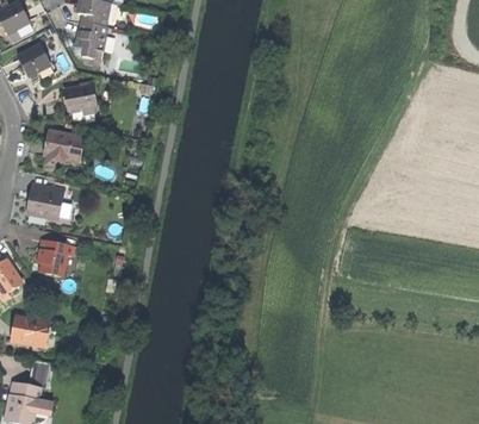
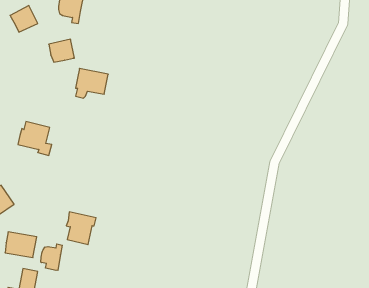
building: [45,130,85,166] -> [76,68,108,98]
building: [37,238,73,278] -> [66,212,96,245]
building: none -> [41,244,62,270]

